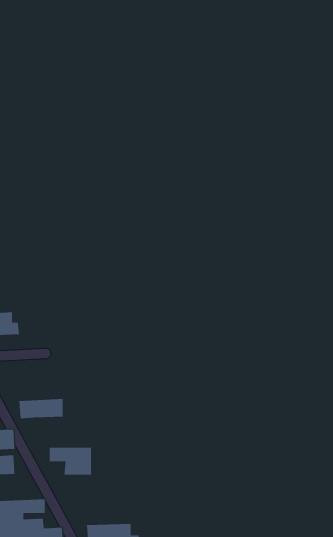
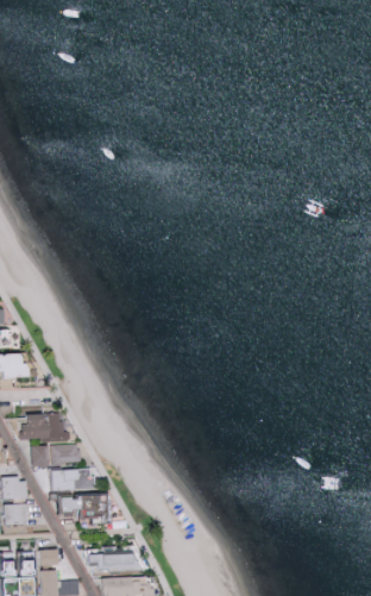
building: none -> [17,414,67,443]
building: none -> [48,470,77,491]
building: none -> [90,548,136,571]

